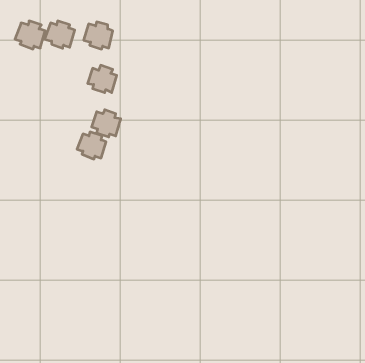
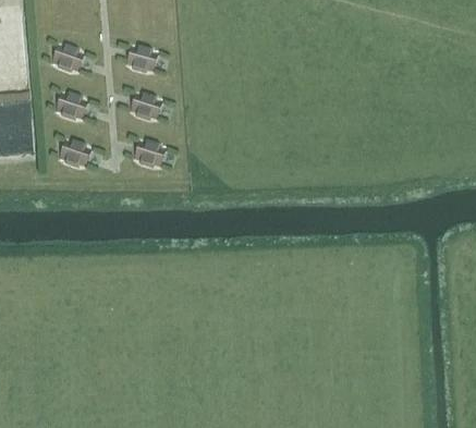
building: [44,21,75,48] -> [54,90,87,120]
building: [77,132,106,159] -> [59,138,90,168]

